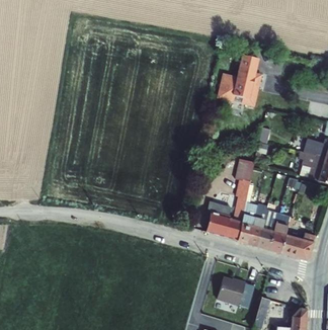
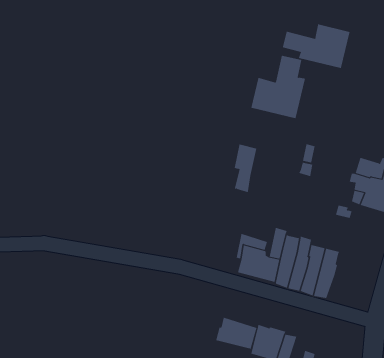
building: none -> [282,24,350,69]
building: [235,157,254,197] -> [234,144,257,193]
building: [279,232,316,260] -> none
building: none -> [216,317,257,350]

